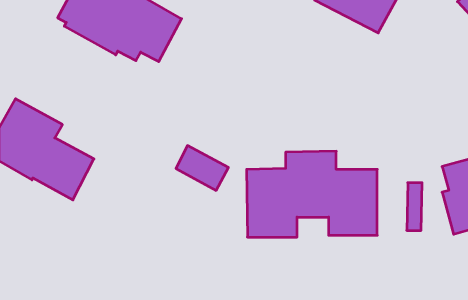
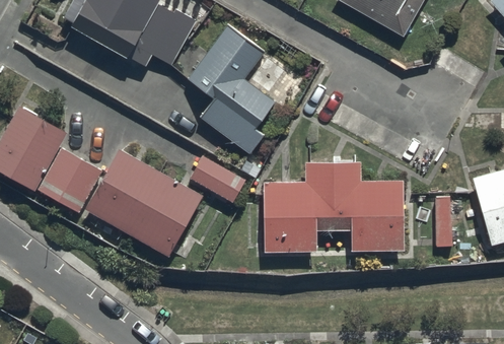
building: none -> [186,23,276,155]
building: none -> [85,151,204,259]

